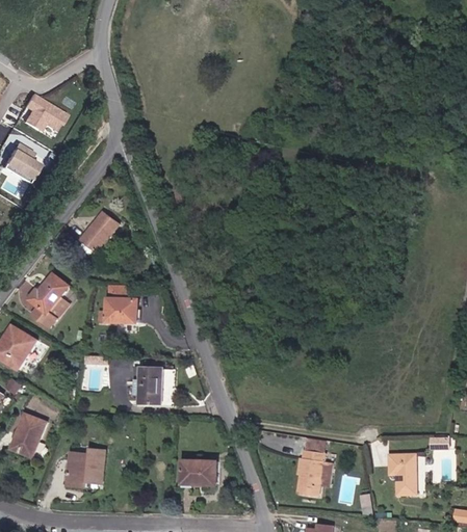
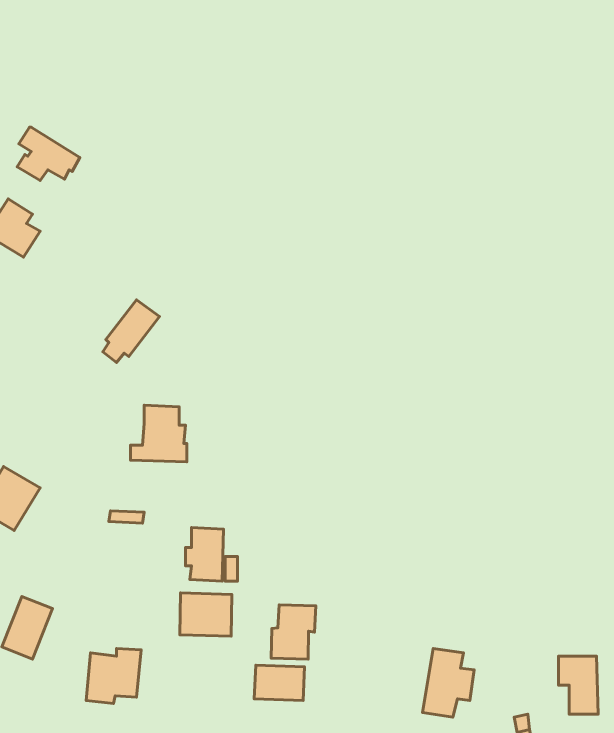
building: [29,273,68,327] -> none
building: none -> [180,593,232,636]
building: none -> [271,605,316,659]

